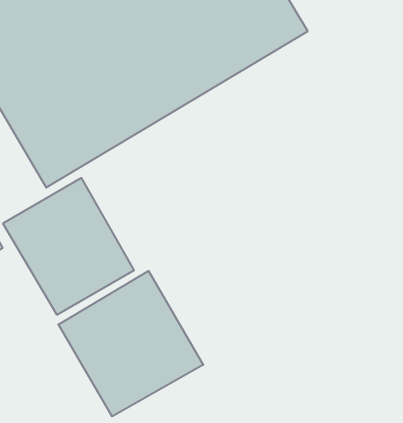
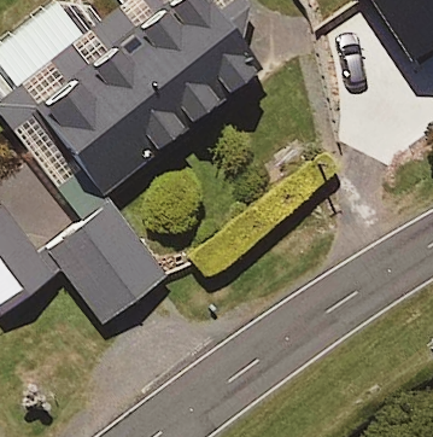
building: [58,271,203,416] -> none

